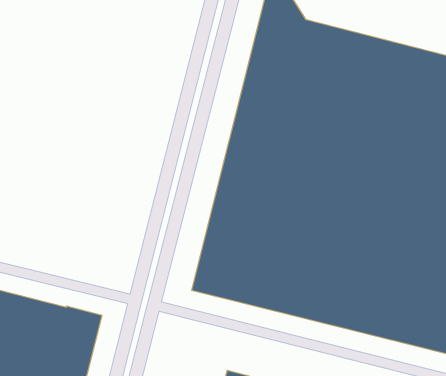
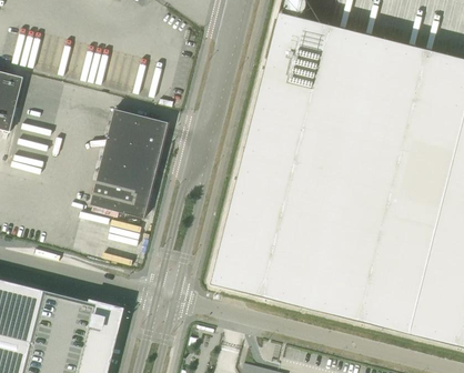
building: none -> [90,110,169,220]

